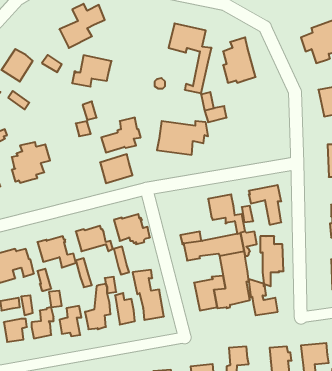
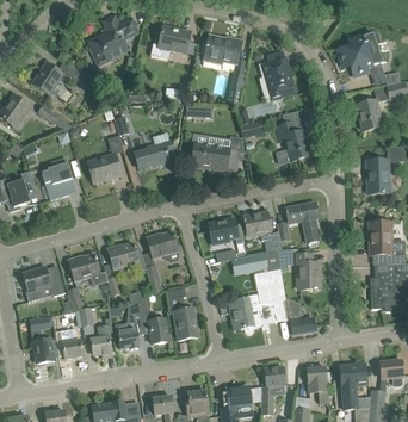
building: [72,55,112,87] -> [150,26,191,58]
building: none -> [276,122,310,161]
building: [100,154,133,183] -> [87,154,120,184]
building: none -> [209,218,243,243]

